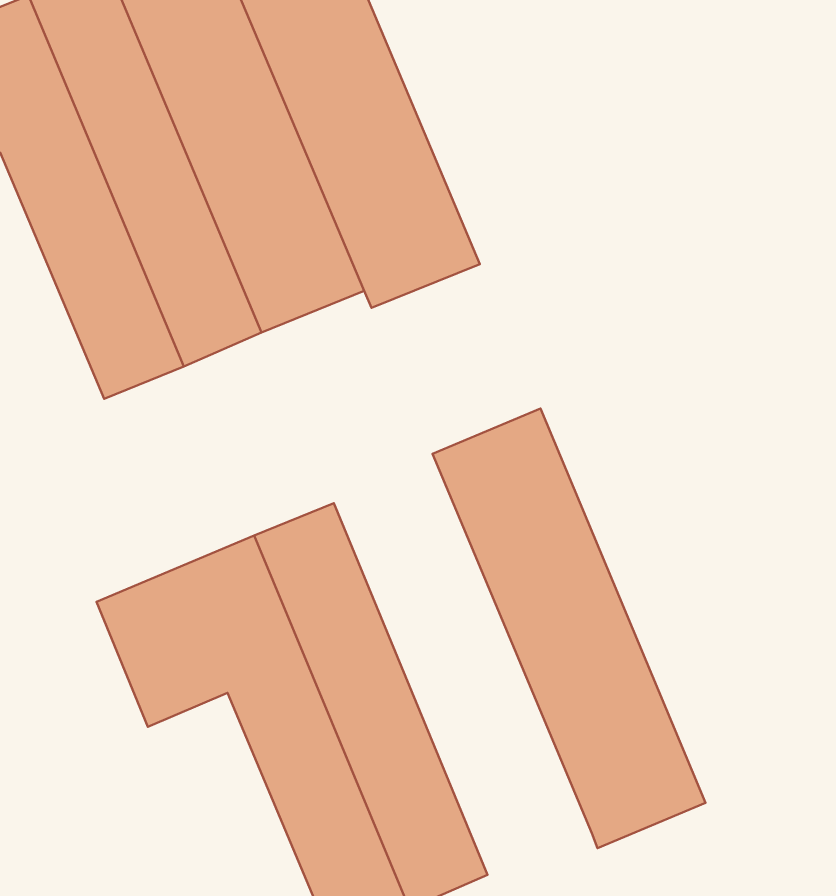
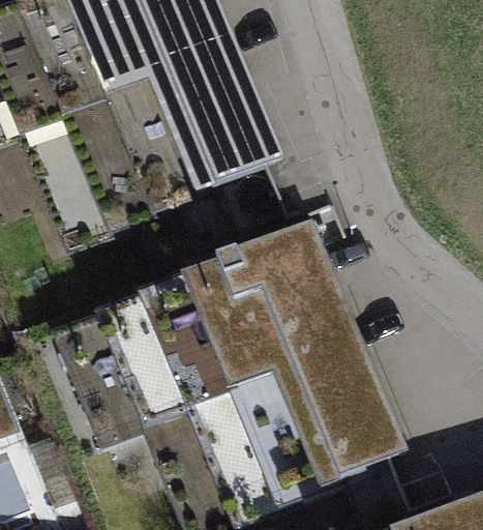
building: none -> [197,248,337,489]

